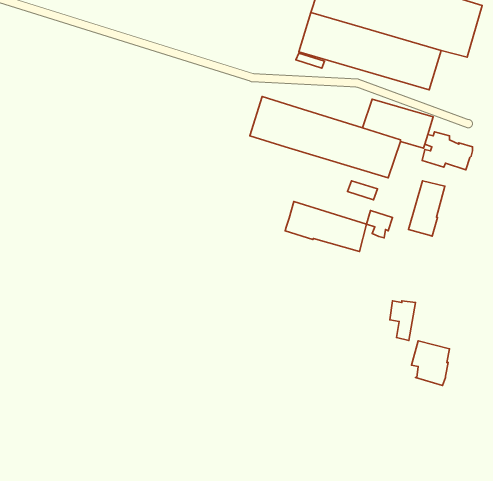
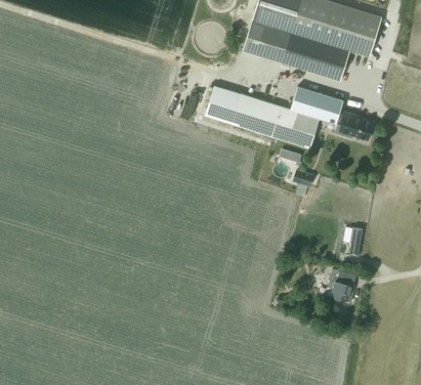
building: [408,181,445,236] -> none
building: [285,202,367,252] -> none
building: [390,301,416,340] -> [343,227,363,257]

